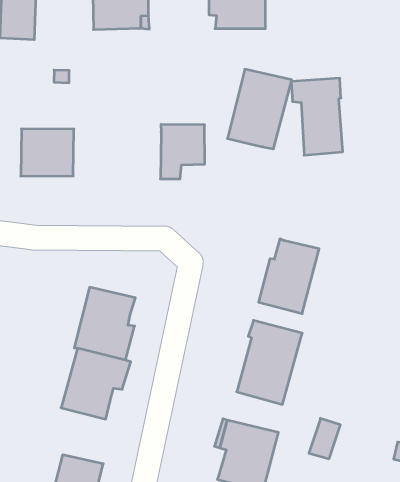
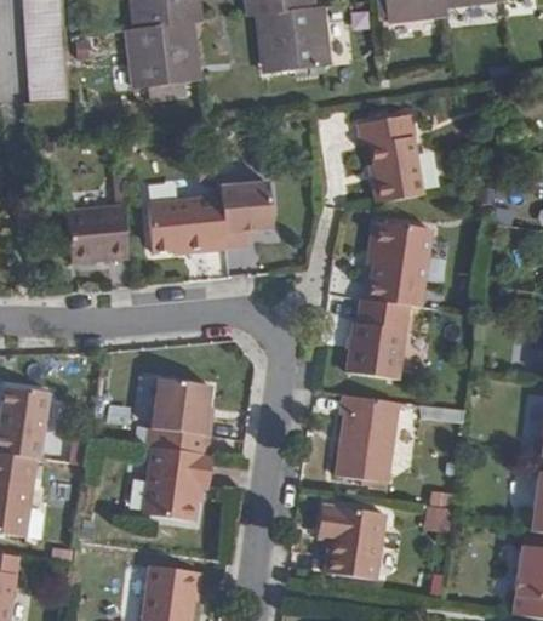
building: [227,69,292,149] -> [370,221,434,306]
building: none -> [147,194,225,249]

